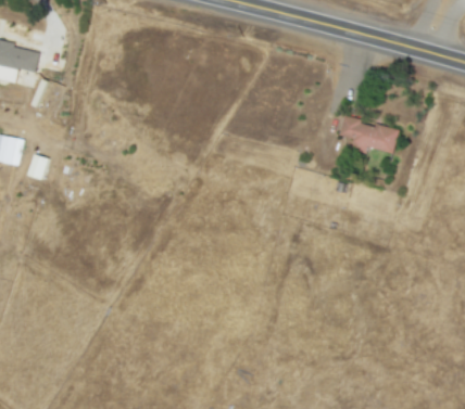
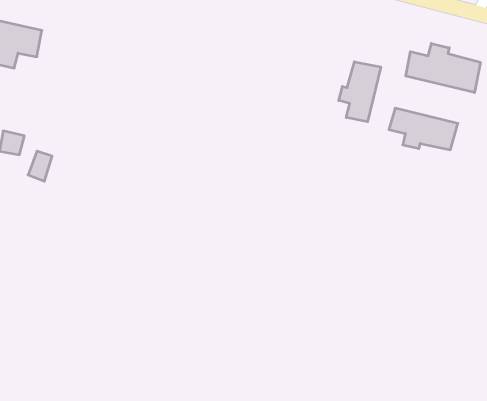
building: none -> [406,43,480,93]
building: none -> [339,62,381,122]

